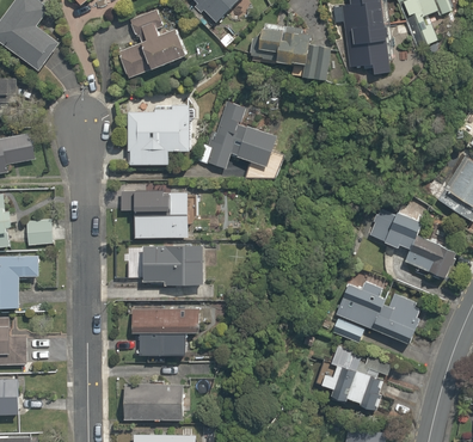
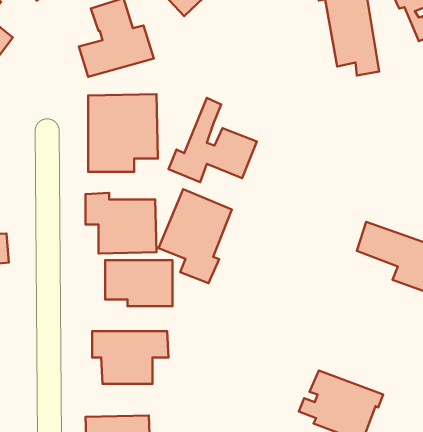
building: [256,27,332,81] -> none
building: none -> [158,189,232,283]
building: [334,269,423,336] -> none

